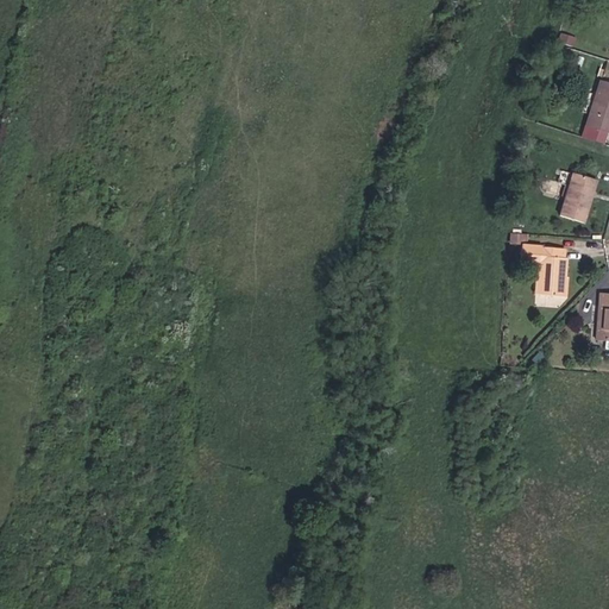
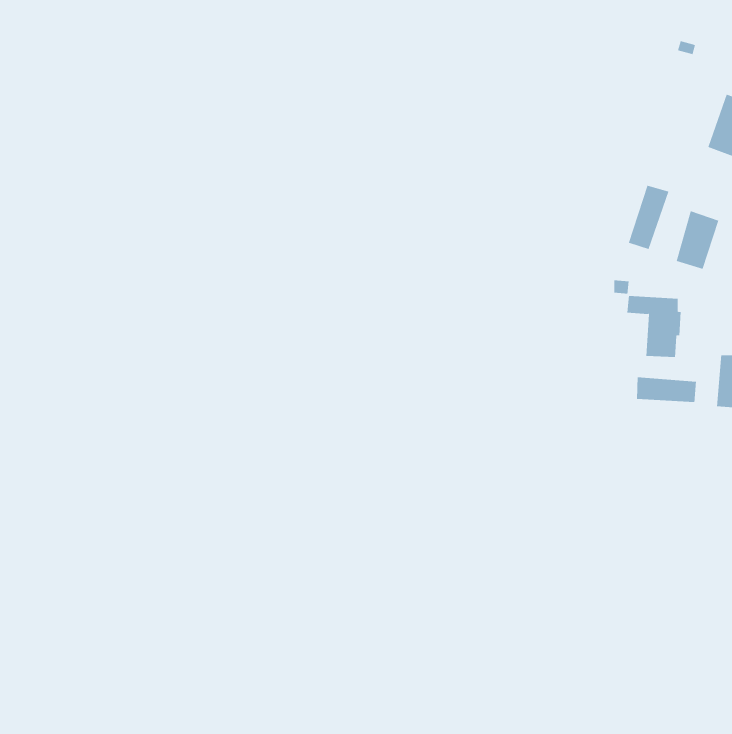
building: none -> [628,185,669,250]
building: none -> [637,376,696,403]

